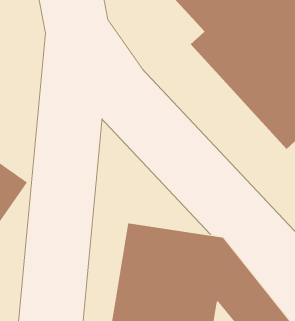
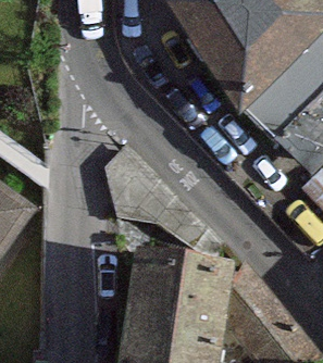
building: none -> [105,150,216,251]

